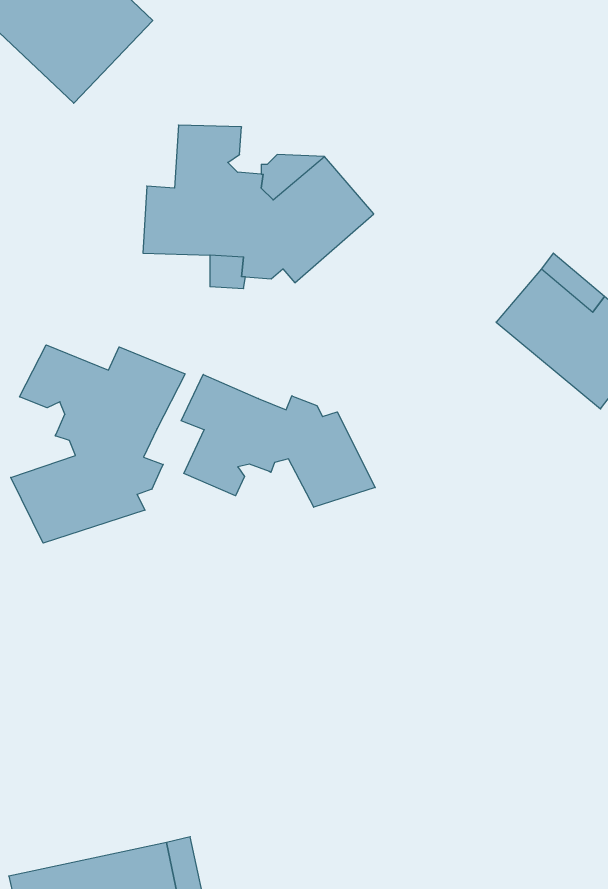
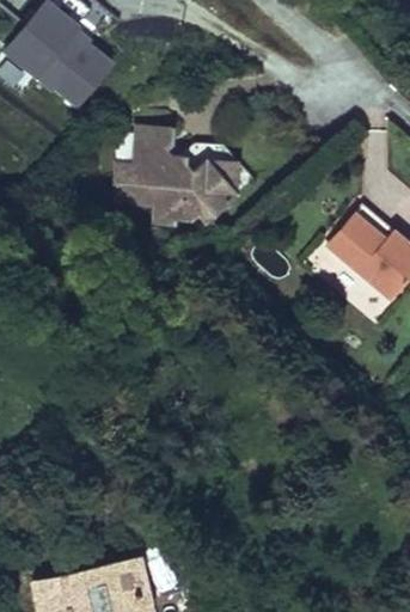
building: [11,345,185,543] -> none
building: [181,374,375,507] -> none

